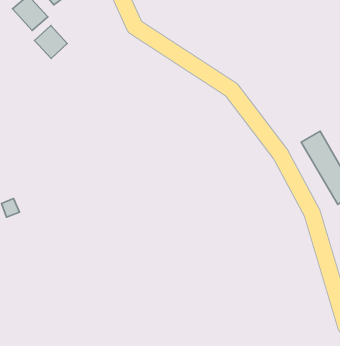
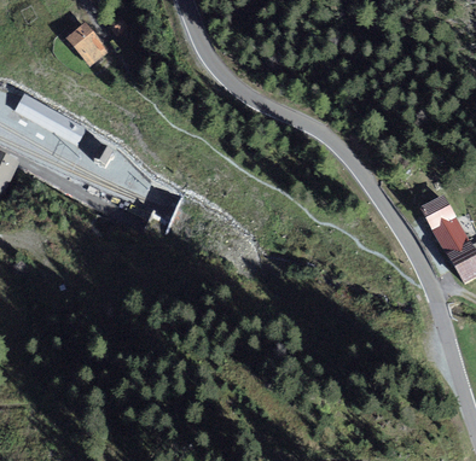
building: [35,25,67,59] -> none

